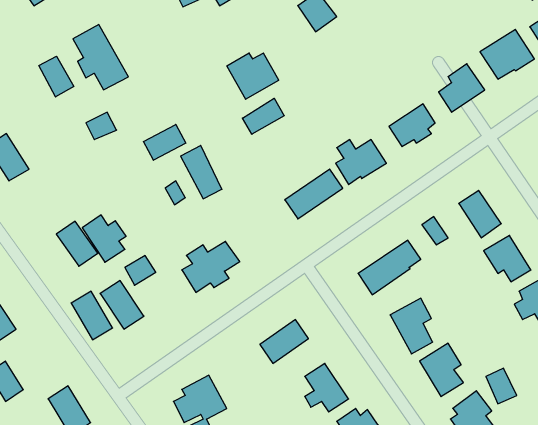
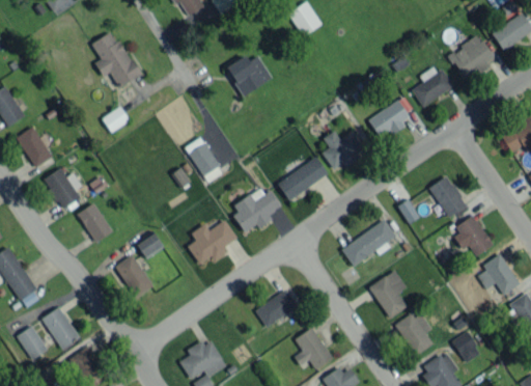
building: [39,56,74,97] -> none
building: [242,98,284,134] -> none
building: [143,124,186,160] -> none
building: none -> [230,185,280,231]
building: [82,215,126,262] -> [44,167,82,209]
building: [71,291,113,340] -> [43,306,79,349]

